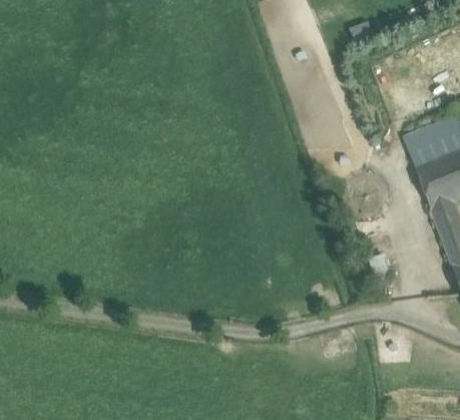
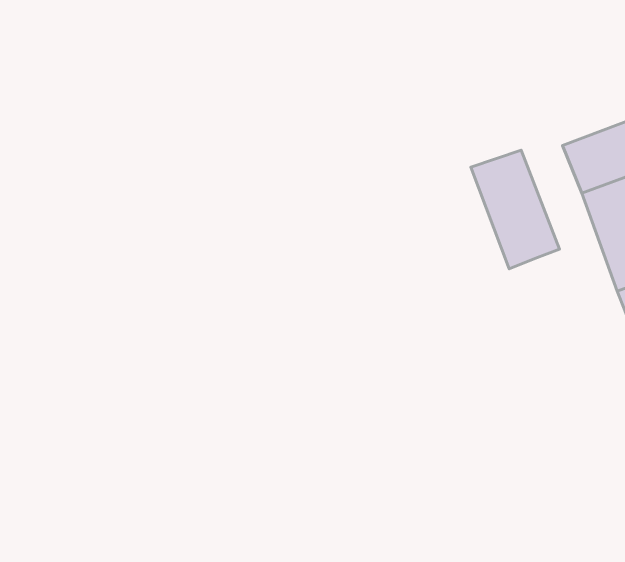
building: none -> [471,150,560,269]

